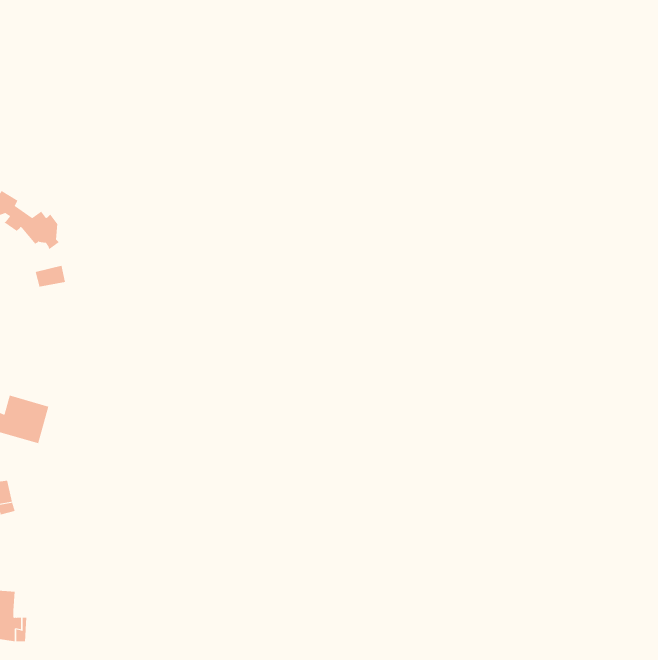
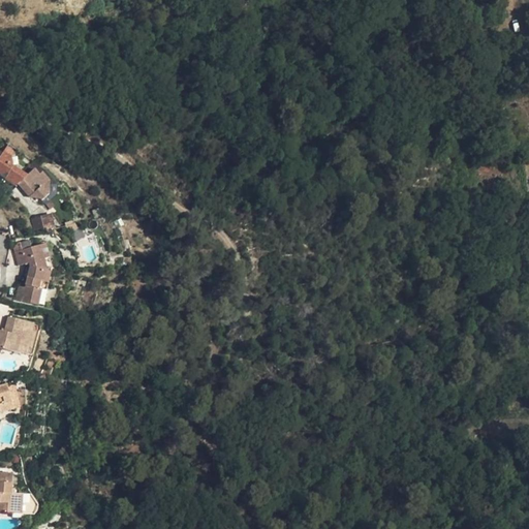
building: none -> [13,243,51,305]

